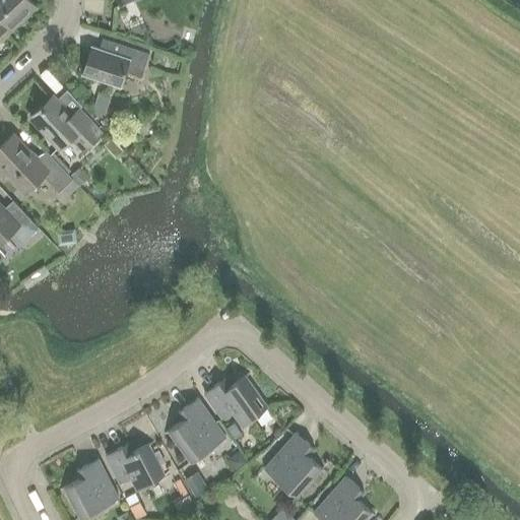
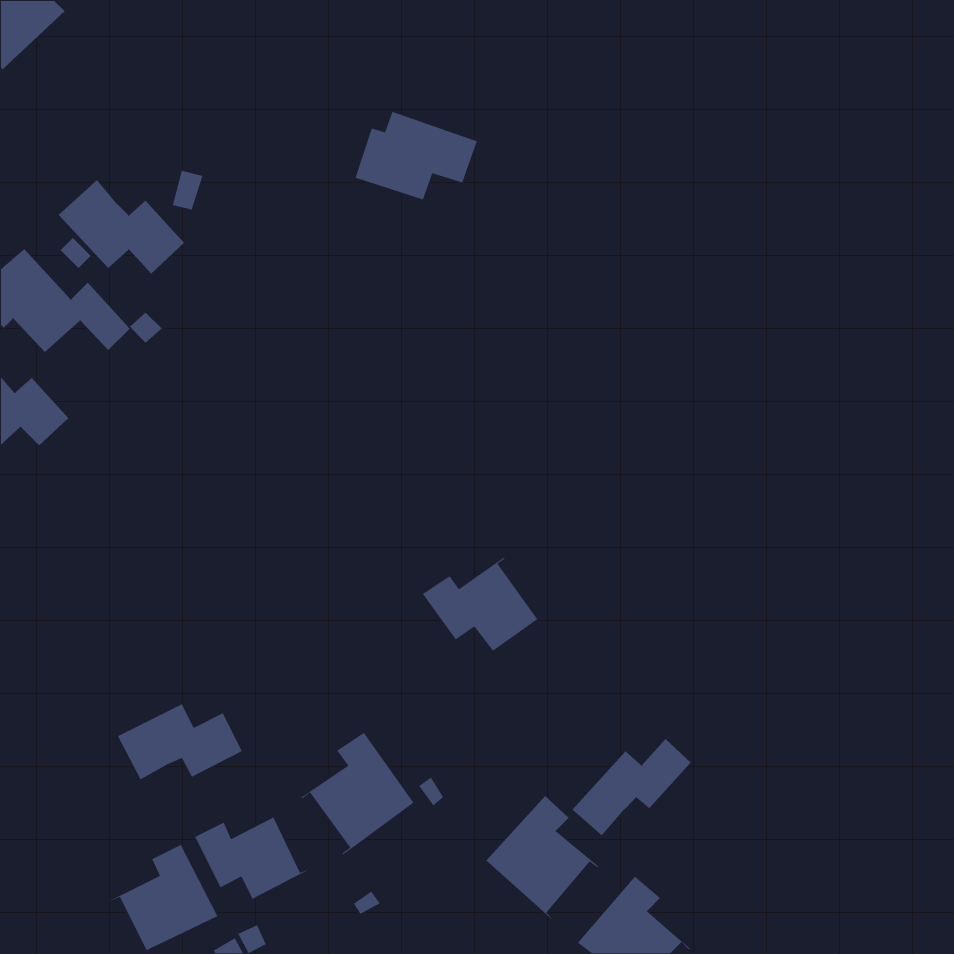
building: [82,38,149,86] -> [355,111,478,200]
building: [204,373,271,425] -> [422,557,545,652]
building: none -> [117,703,243,781]
building: none -> [571,738,691,837]

